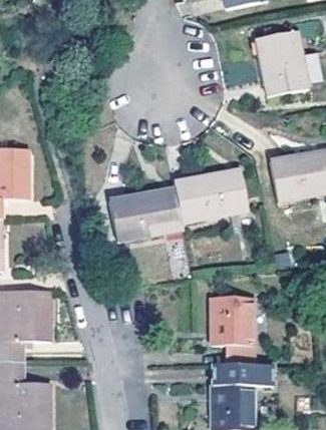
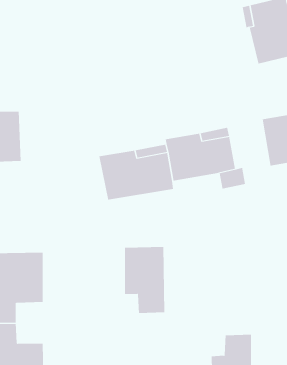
building: [218,307,259,374] -> [124,246,165,313]

